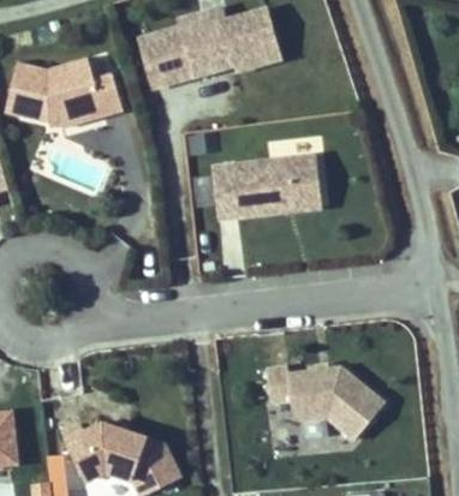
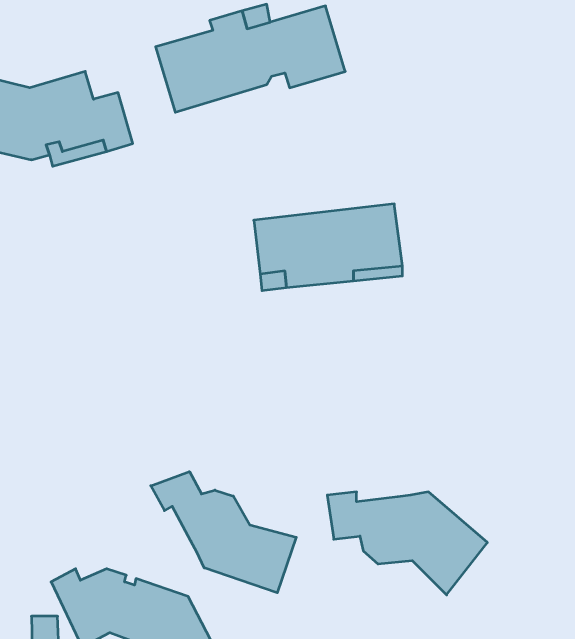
building: none -> [151,472,296,593]

